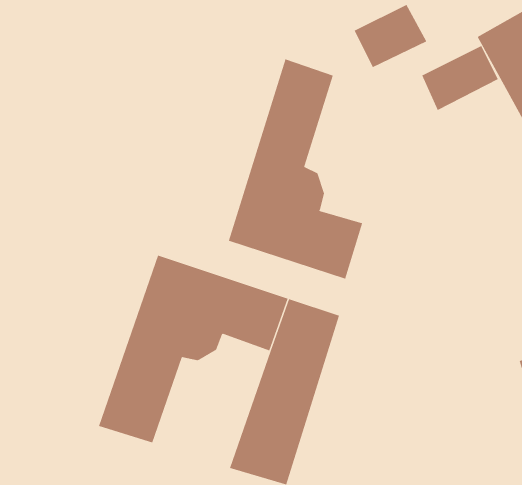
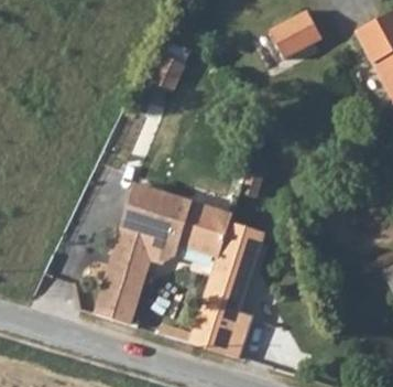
building: [421,45,499,111] -> none
building: [228,58,363,279] -> none

